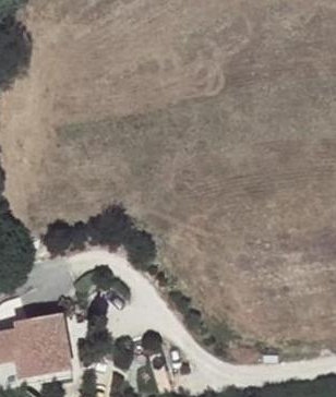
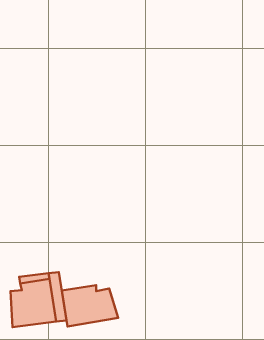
building: none -> [62,285,118,327]

